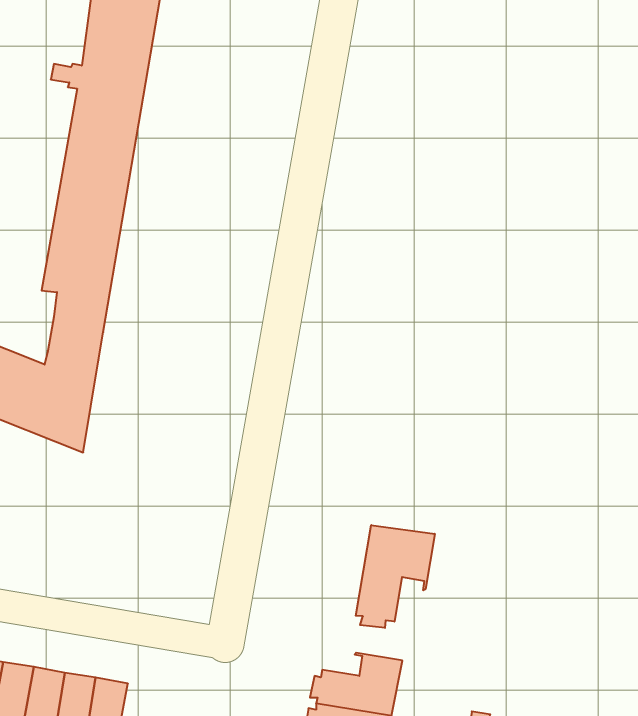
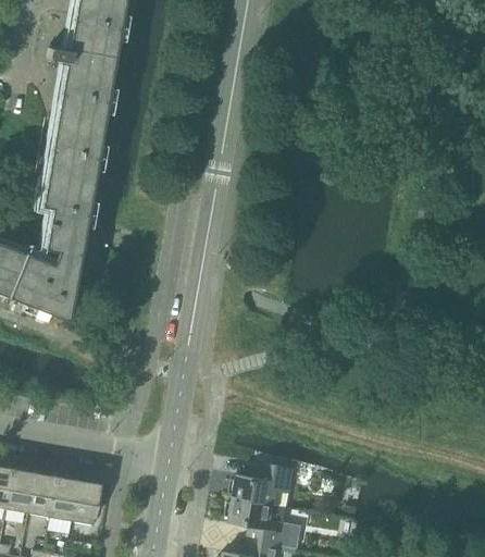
building: [356,525,435,628] -> none

